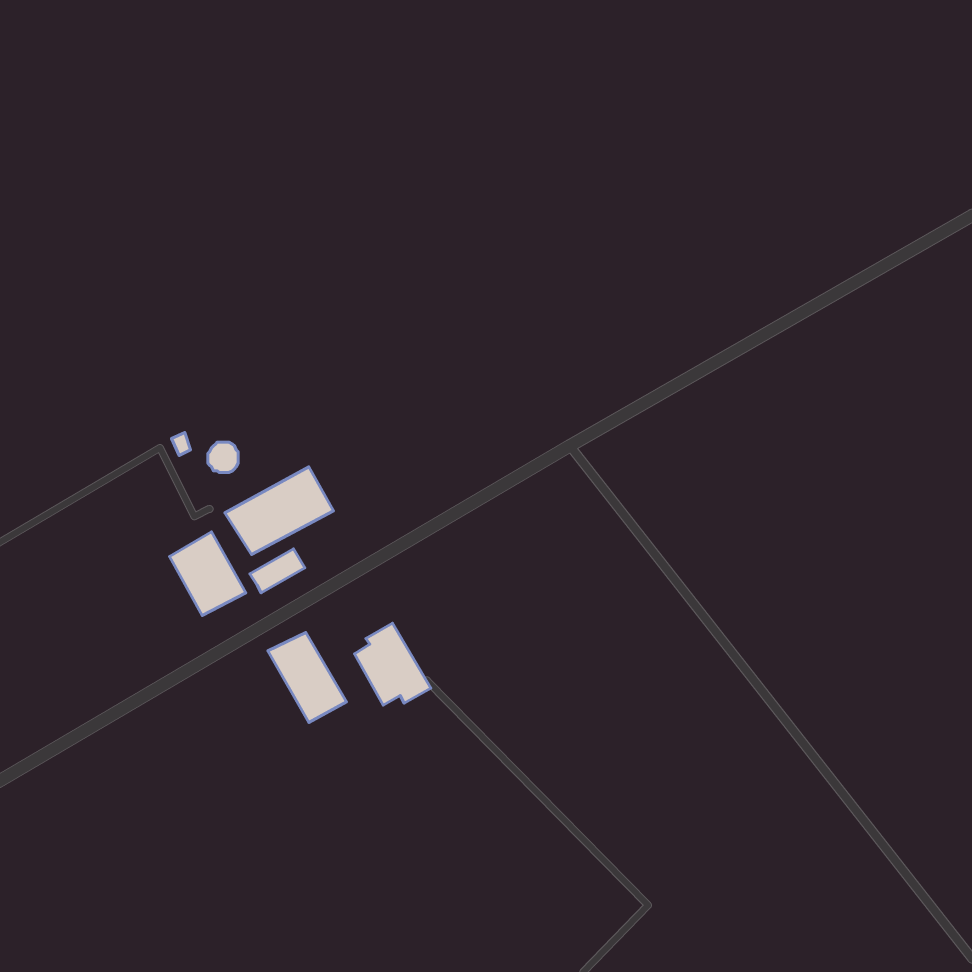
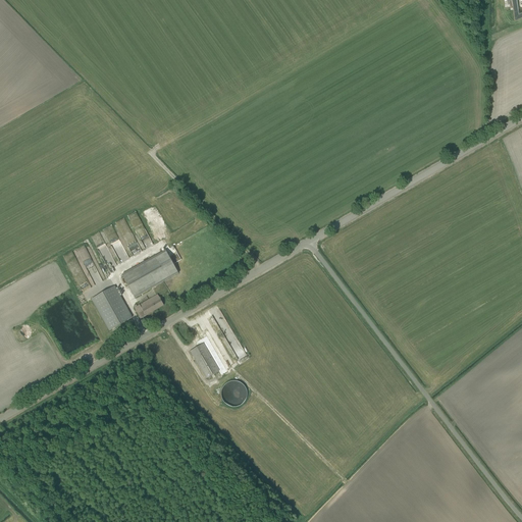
building: [268,632,346,723] -> none
building: none -> [219,378,246,405]

